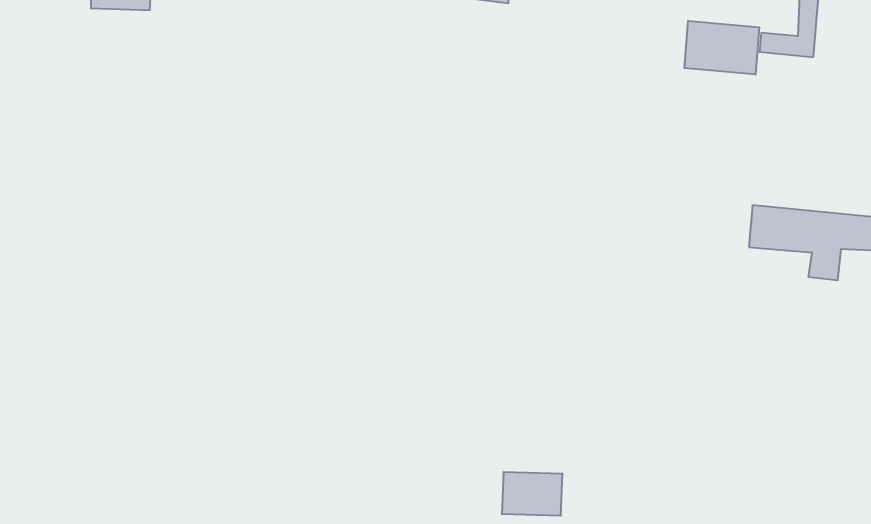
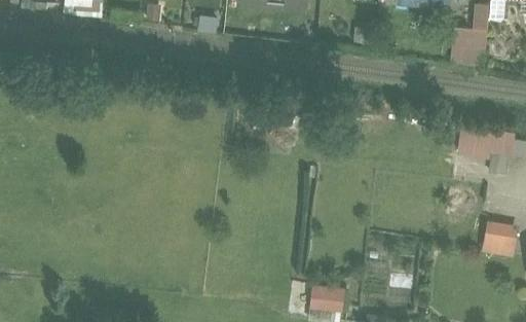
building: [684,21,759,75] -> none
building: none -> [477,220,516,256]

